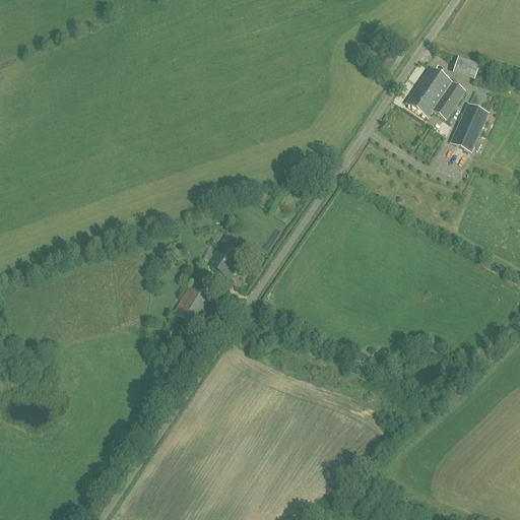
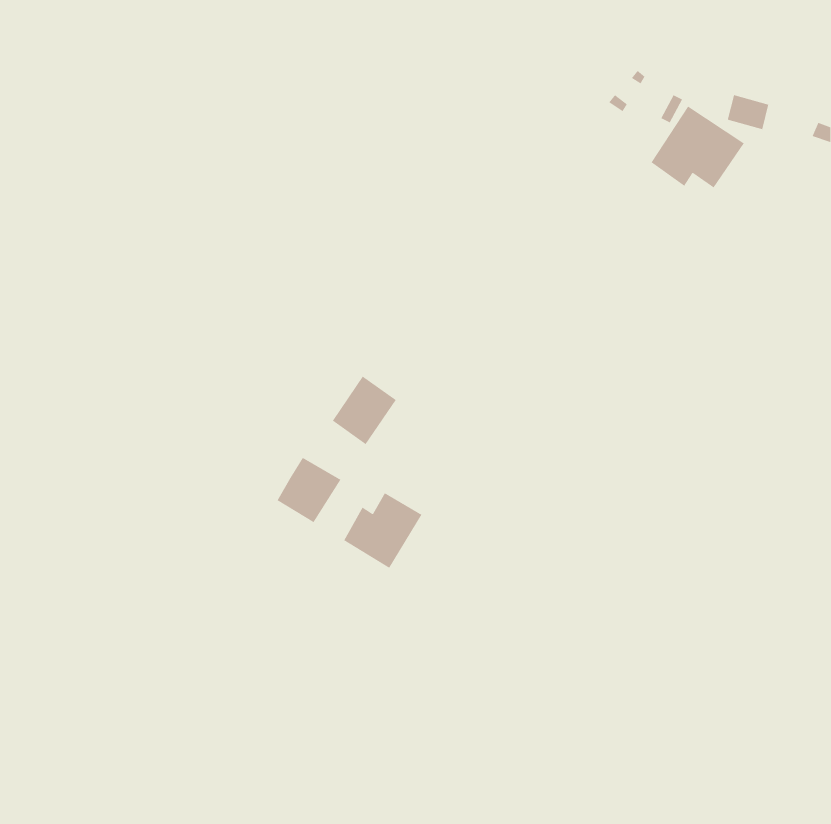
building: [450,102,489,150] -> none
building: none -> [343,492,423,569]

